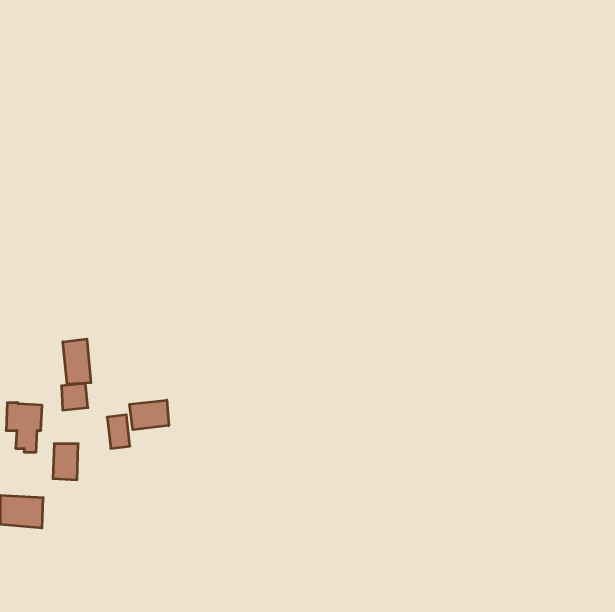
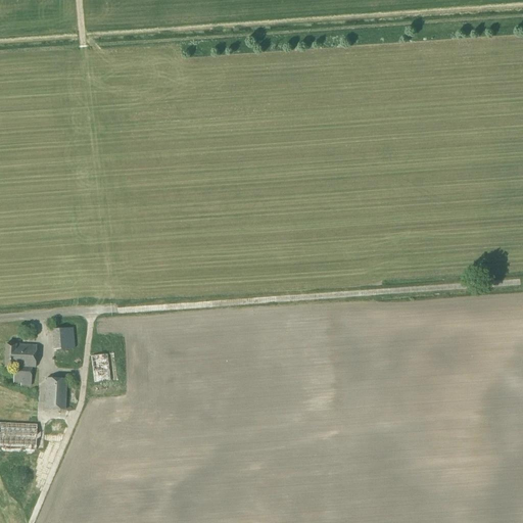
building: [63,339,91,384] -> none
building: [130,400,169,430] -> none

